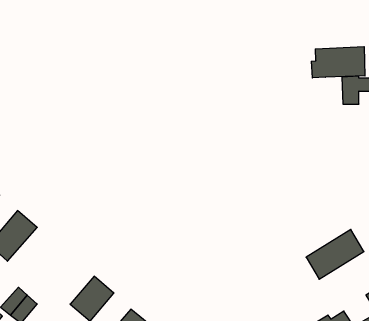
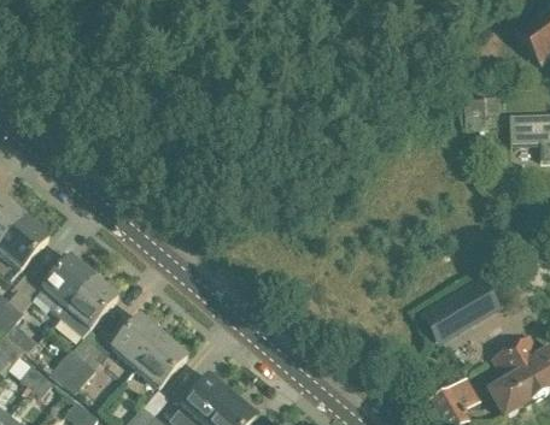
building: [311,47,365,78] -> none
building: none -> [59,277,119,338]
building: none -> [112,315,164,370]

